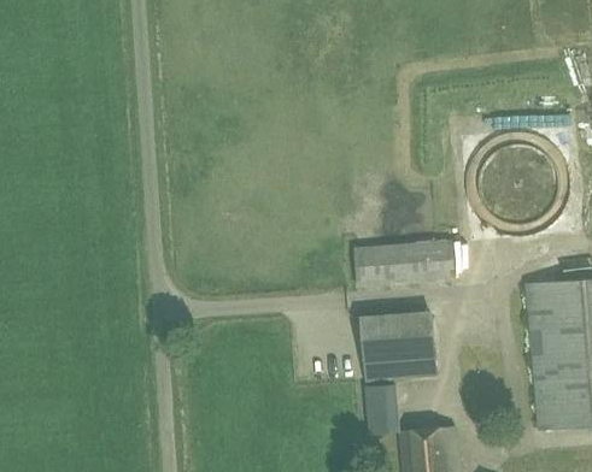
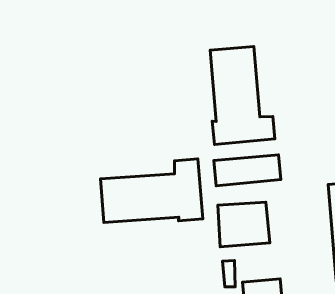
building: none -> [210,46,275,144]
building: none -> [101,159,203,222]

